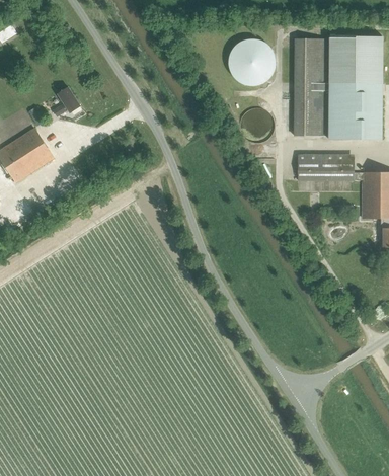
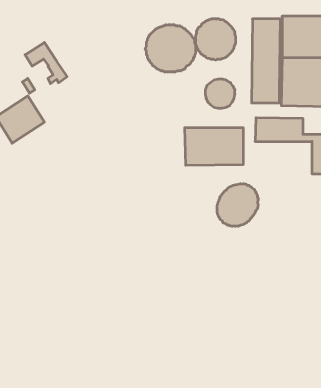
building: none -> [145,25,196,72]
building: none -> [185,128,243,165]
building: none -> [217,184,258,226]

